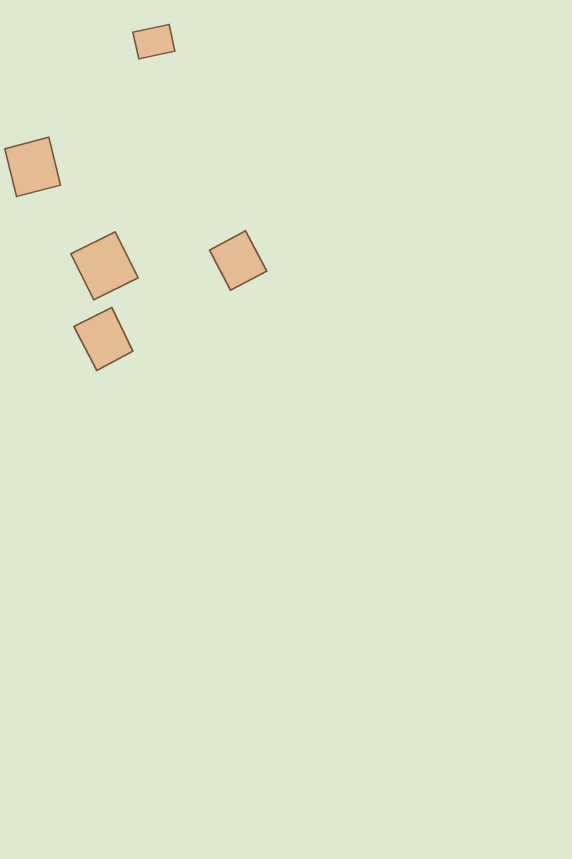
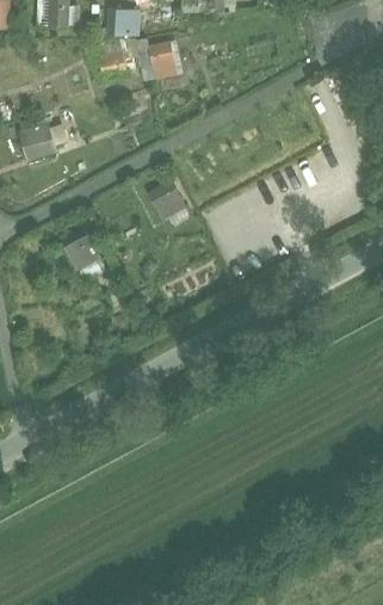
building: none -> [147,44,174,79]
building: [71,232,138,300] -> none

